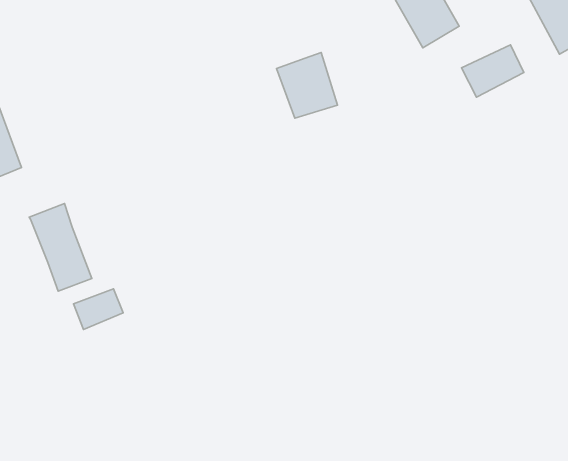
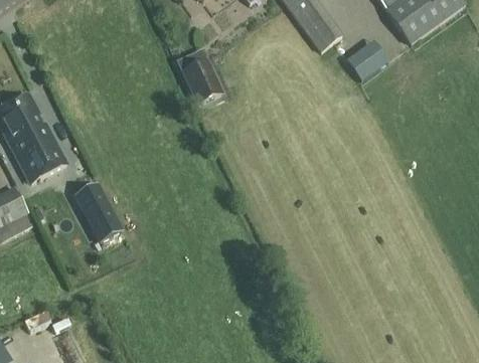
building: [276,53,338,118] -> [179,54,222,100]
building: [73,289,123,330] -> none

